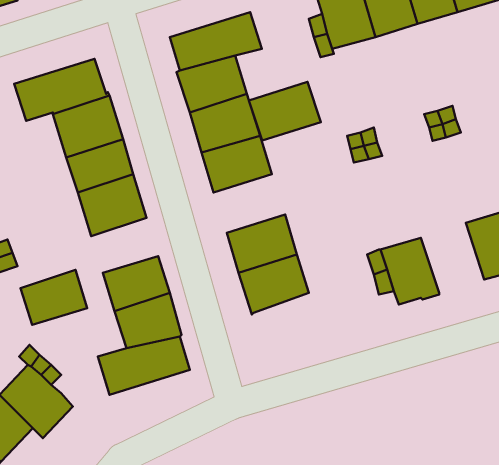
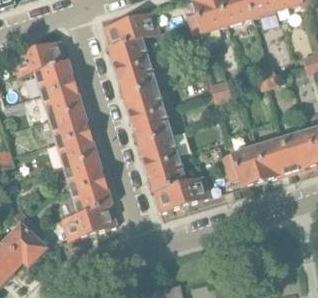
building: [249,82,321,140] -> [130,108,173,143]
building: none -> [254,137,292,179]
building: [20,270,87,325] -> [57,134,97,167]
building: none -> [154,175,209,211]

